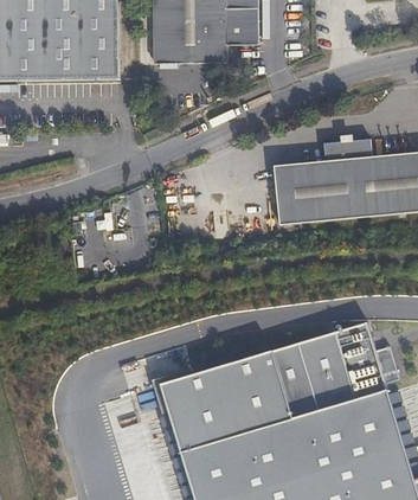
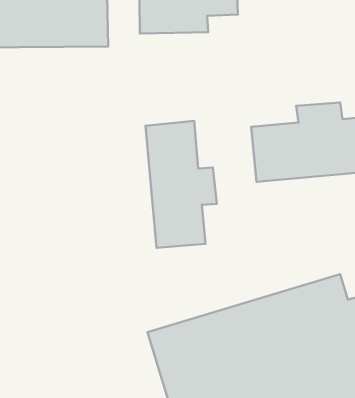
building: none -> [145,121,217,248]

